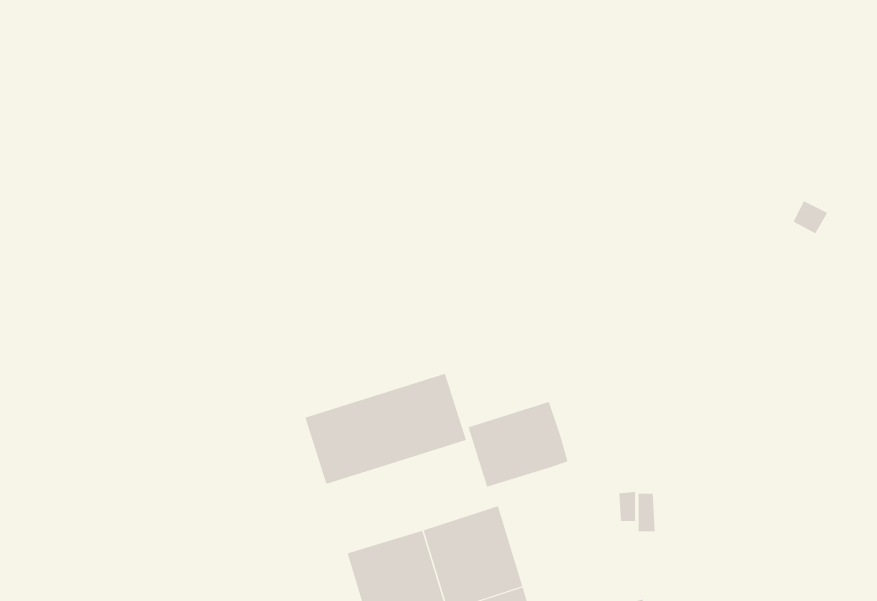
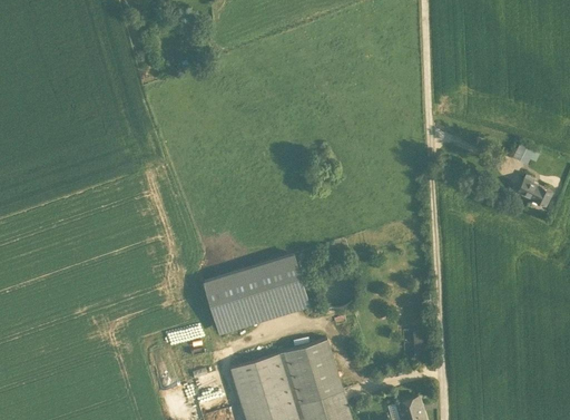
building: none -> [518,176,553,208]
building: [468,401,568,488] -> none

